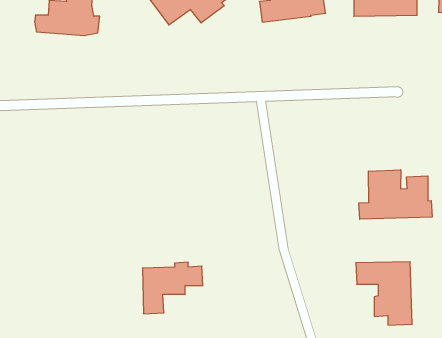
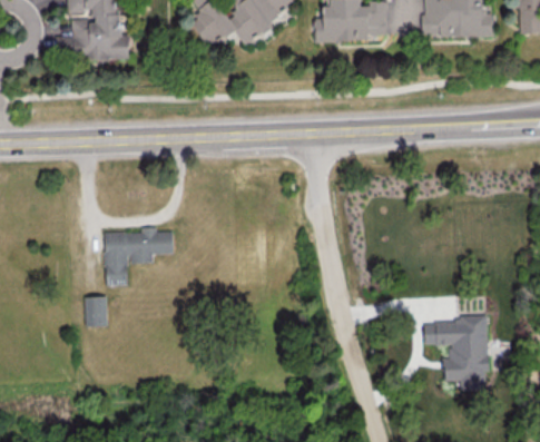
building: [359,170,432,219] -> none
building: none -> [85,296,107,326]
building: [142,262,203,314] -> [104,227,173,286]

